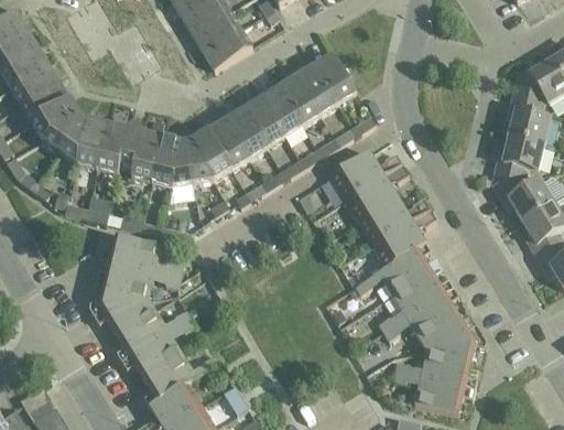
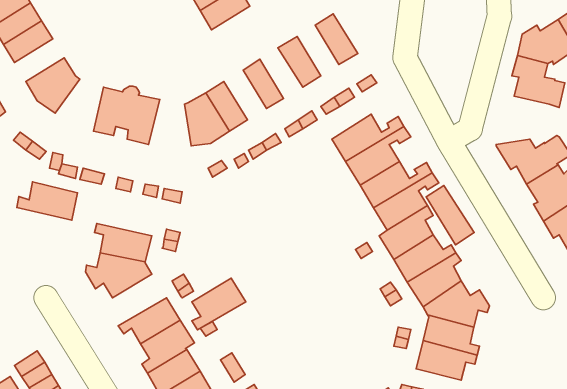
building: [296,64,337,114] -> none
building: [20,77,68,119] -> none
building: [260,86,302,136] -> none
building: [225,108,267,157] -> none
building: [59,117,107,168] -> none
building: [491,133,543,181] -> none
building: [151,137,193,185] -> none
building: none -> [426,186,474,245]
building: [100,233,160,270] -> [17,182,78,220]
building: [116,308,169,358] -> [192,278,246,330]

